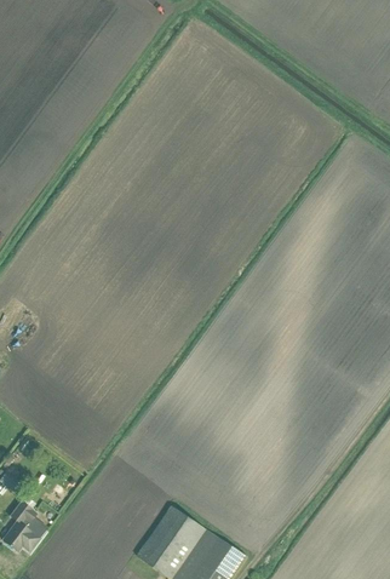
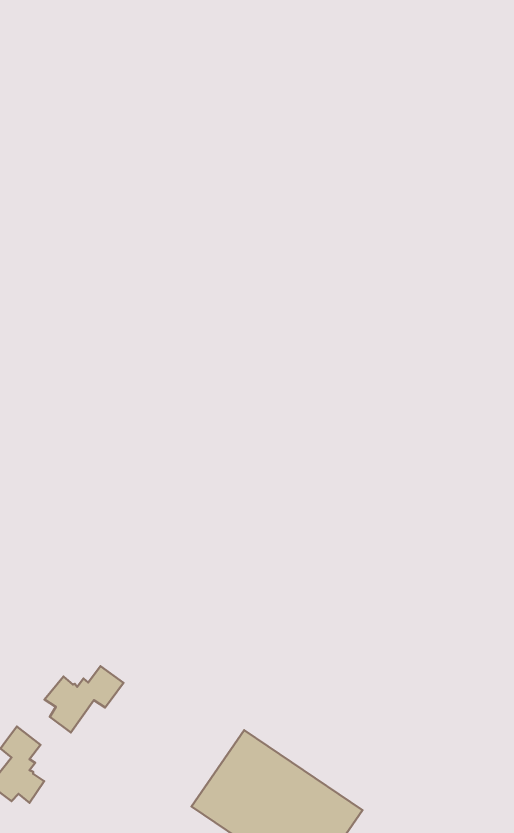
building: none -> [44,666,124,733]

